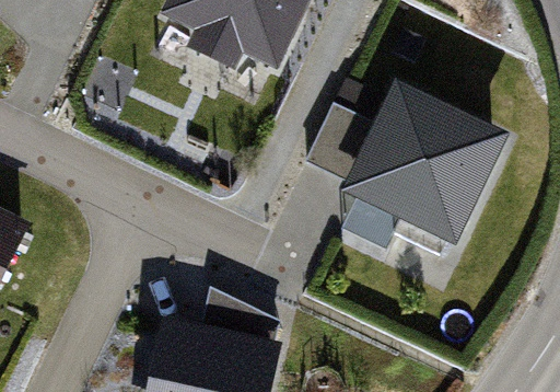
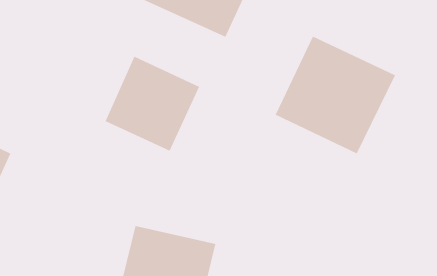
building: none -> [105,56,200,151]

